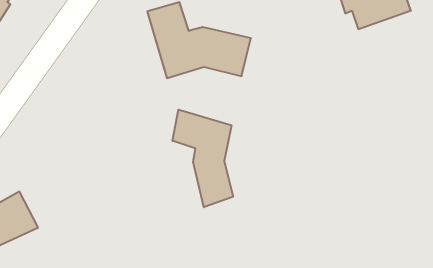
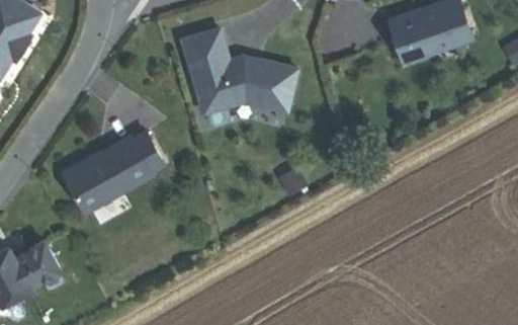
building: none -> [63,133,163,213]
building: [173,110,233,207] -> none

